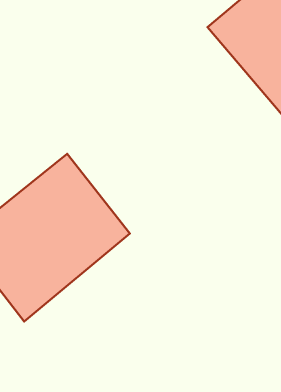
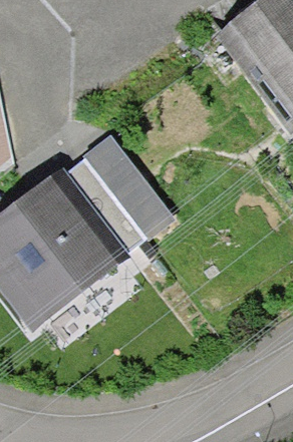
building: none -> [73,129,185,243]

